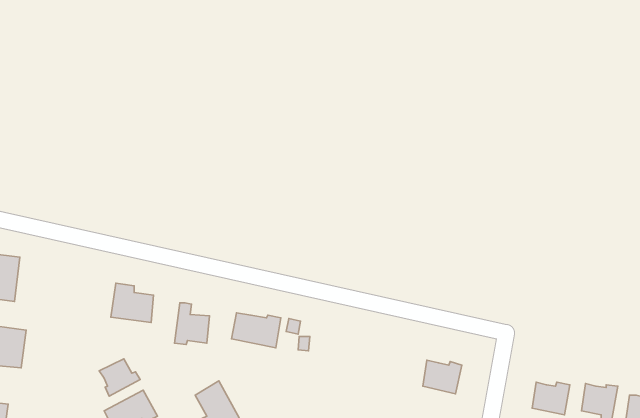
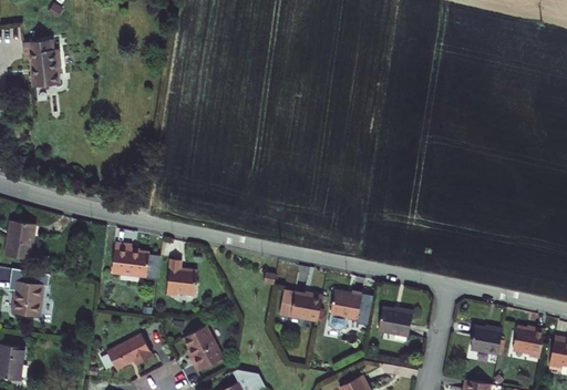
building: none -> [24,40,60,88]
building: [231,313,281,348] -> [281,290,323,320]
building: none -> [329,291,361,331]
building: [99,359,140,396] -> none

